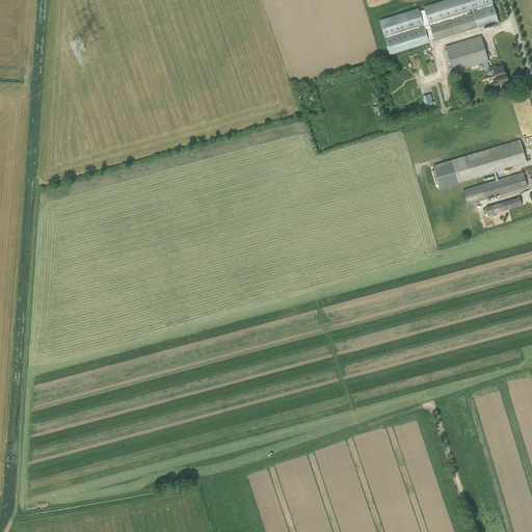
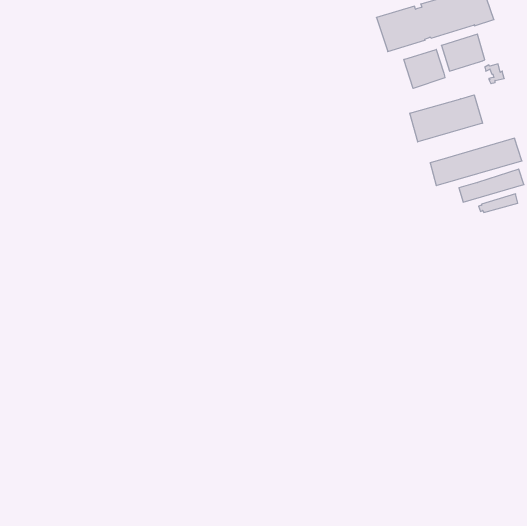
building: none -> [404,49,445,88]
building: none -> [410,95,483,142]

